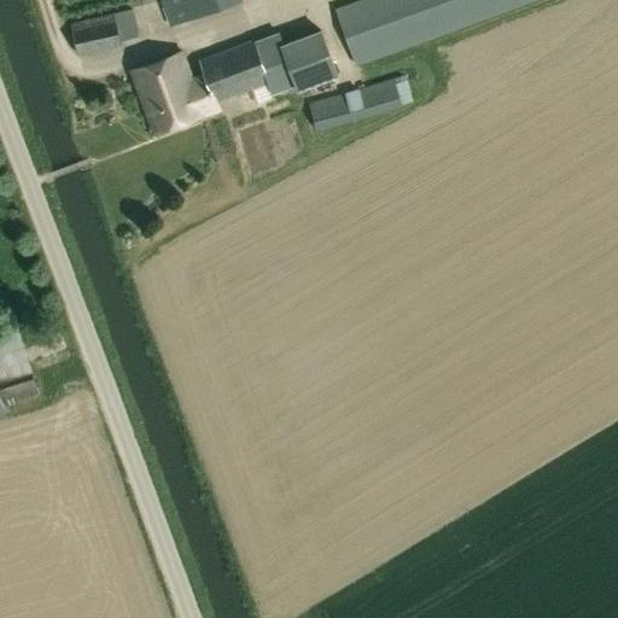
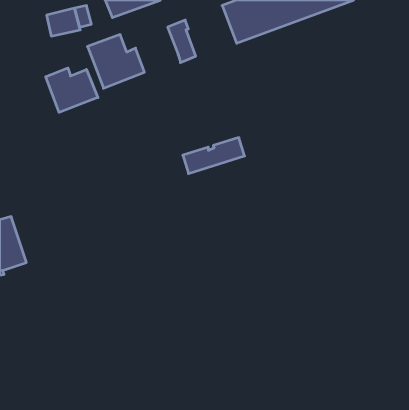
building: [280,29,339,91] -> none
building: [199,39,268,101] -> none
building: [309,77,402,132] -> [183,138,245,174]
building: none -> [46,68,98,112]

